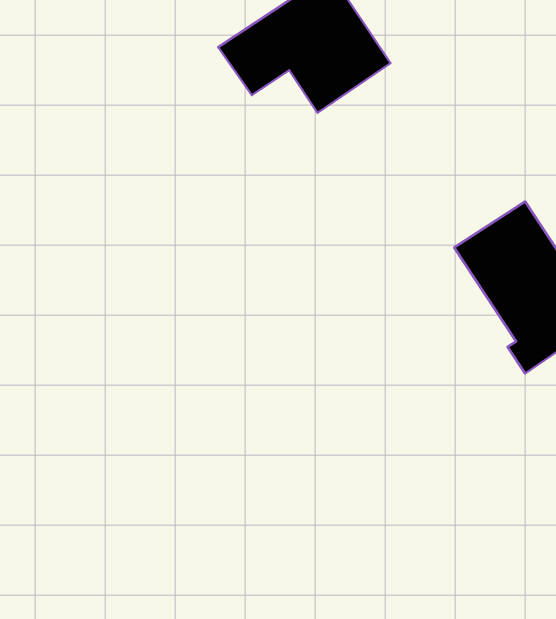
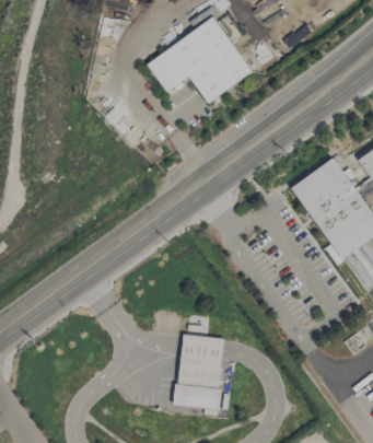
building: none -> [175,335,223,408]

